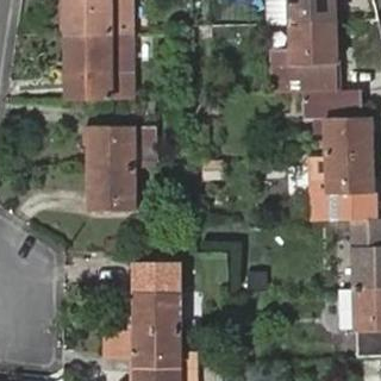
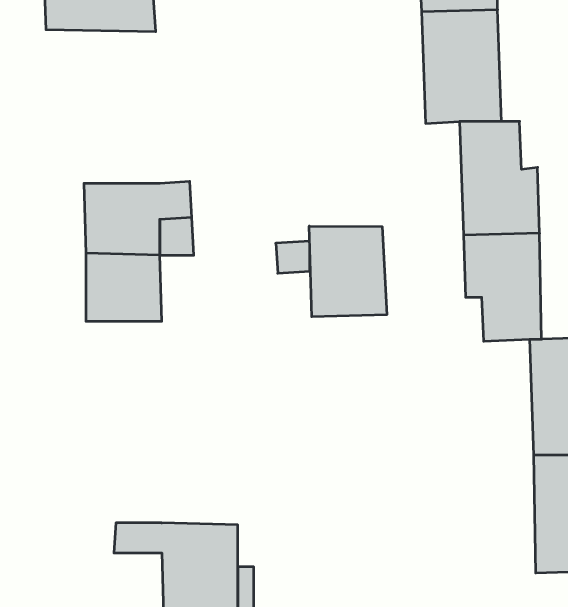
building: [64,35,131,100] -> none
building: none -> [309,226,387,317]
building: [133,260,179,330] -> none

